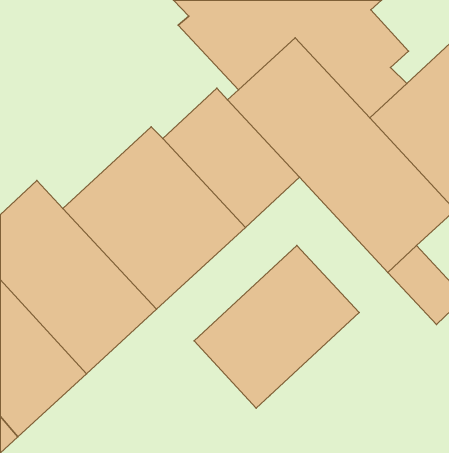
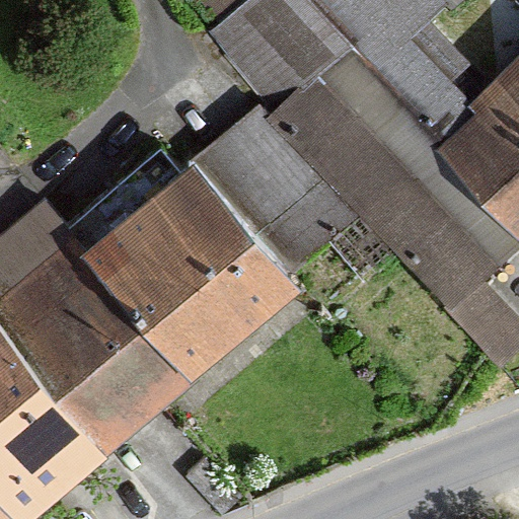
building: [194,245,359,408] -> none

